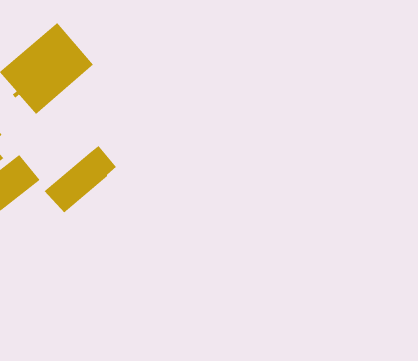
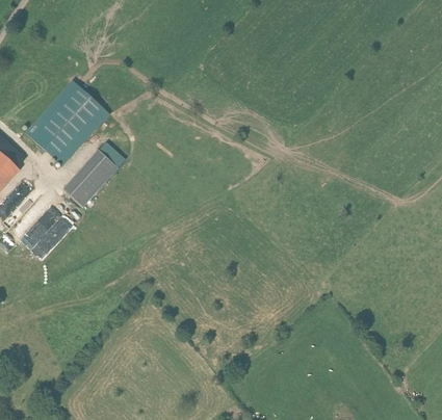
building: [44,145,117,213] -> [61,141,125,207]

